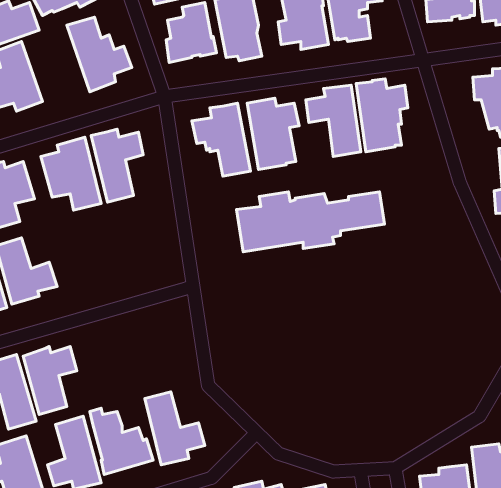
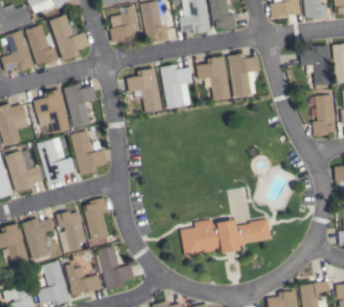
building: none -> [25,25,58,65]
building: [237,192,384,252] -> [180,219,271,256]
building: none -> [70,130,108,176]
building: none -> [37,137,75,184]
building: none -> [83,198,108,242]
building: none -> [56,211,87,252]

